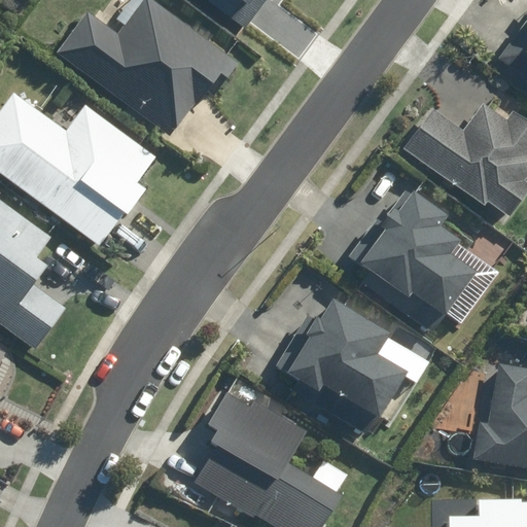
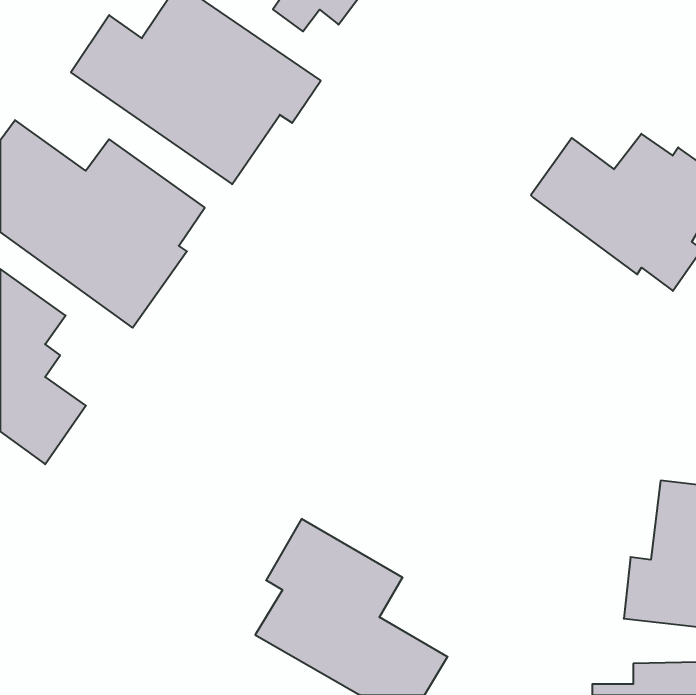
building: [359,186,489,328] -> none
building: [287,298,406,419] -> none

